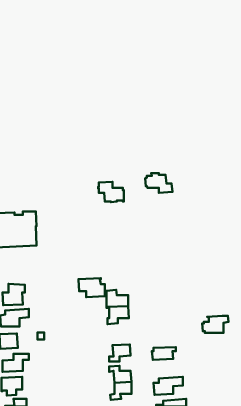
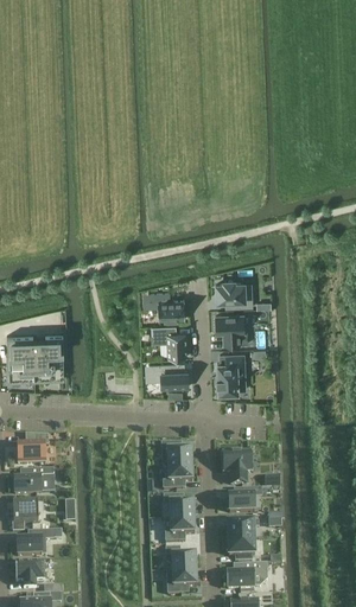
building: none -> [216,314,248,344]
building: none -> [152,325,186,357]
building: none -> [217,353,246,395]
building: [78,278,105,297] -> [151,362,187,388]
building: none -> [223,451,250,485]
building: [202,316,229,333] -> [225,488,262,512]
building: none -> [163,496,193,518]
building: none -> [225,538,254,562]

